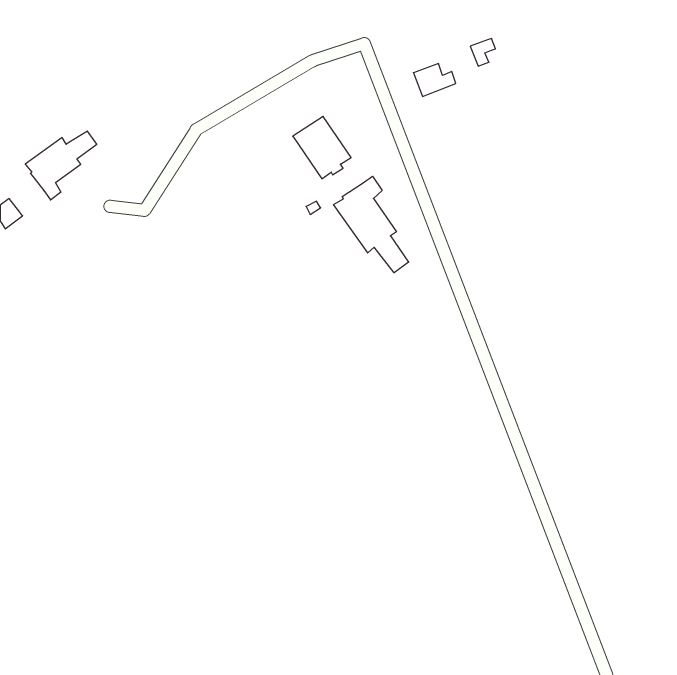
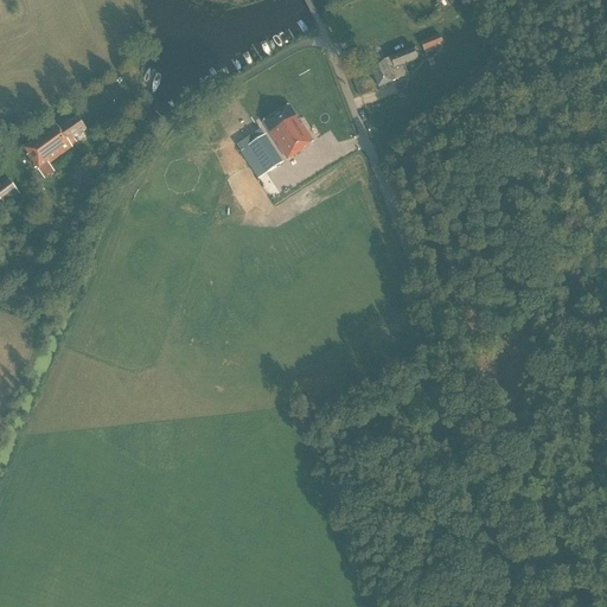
building: none -> [249,135,282,173]
building: [334,176,409,273] -> none

